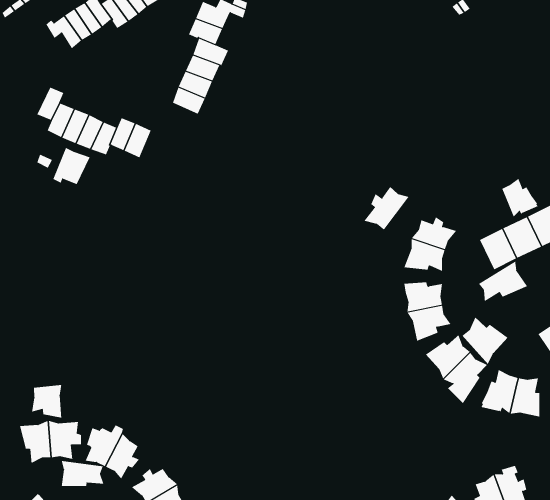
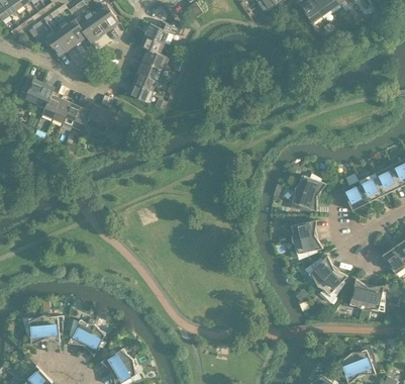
building: [52,147,90,185] -> [18,76,44,102]
building: [501,178,539,218] -> none
building: [363,186,409,230] -> none
building: [478,261,528,302] -> none
building: [461,316,508,365] -> none
building: [31,384,62,418] -> none
building: [61,460,104,487] -> none

